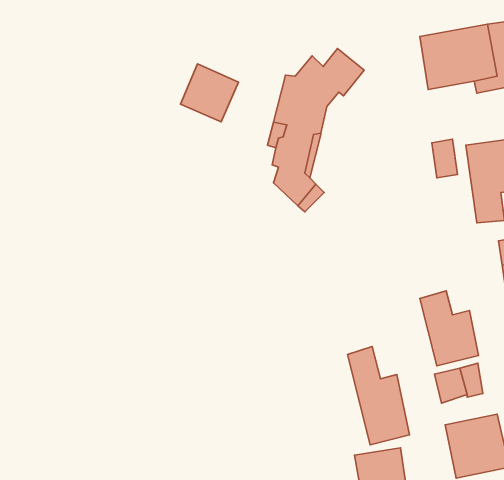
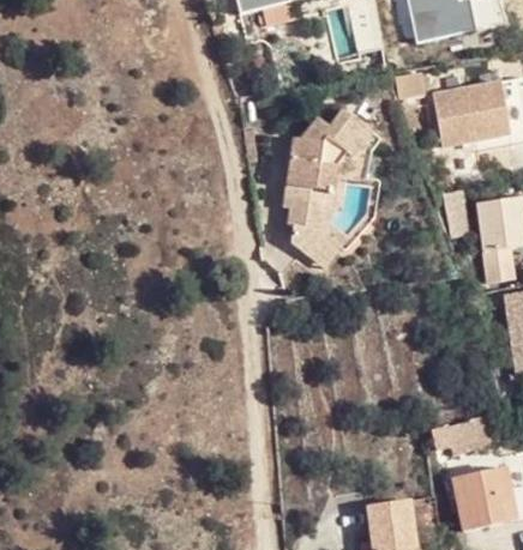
building: [180,64,238,122] -> none
building: [420,291,478,366] -> none
building: [347,347,410,445] -> none

